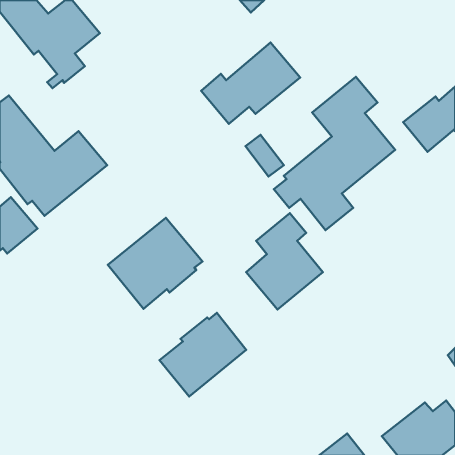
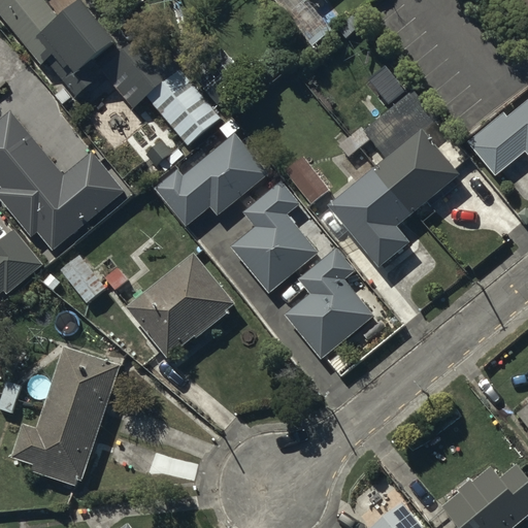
building: none -> [100,47,223,145]
building: [201,43,300,124] -> [154,133,268,227]
building: none -> [230,182,317,292]
building: none -> [11,348,120,486]
building: [159,313,246,396] -> none

